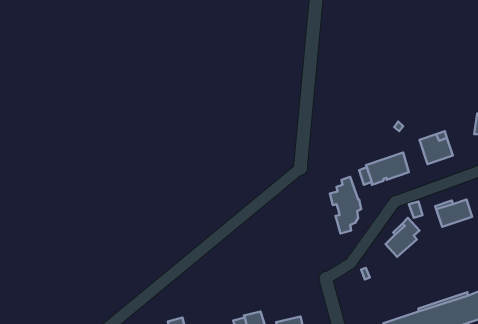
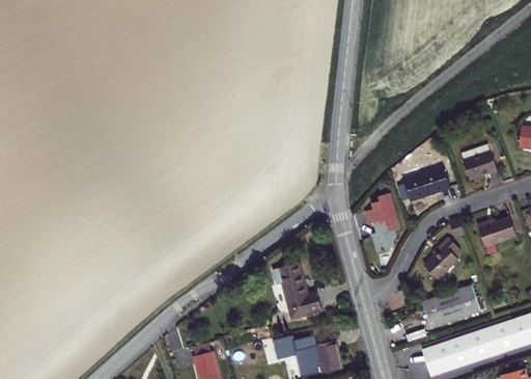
building: none -> [273,262,320,319]
building: none -> [422,286,481,328]

